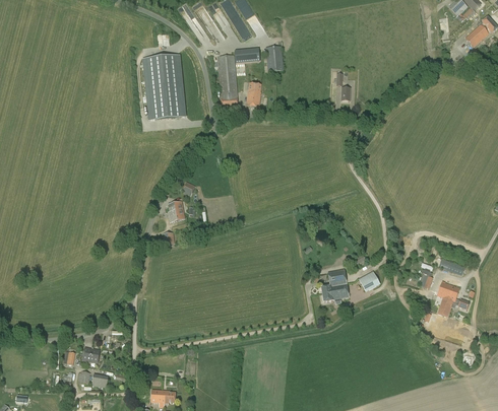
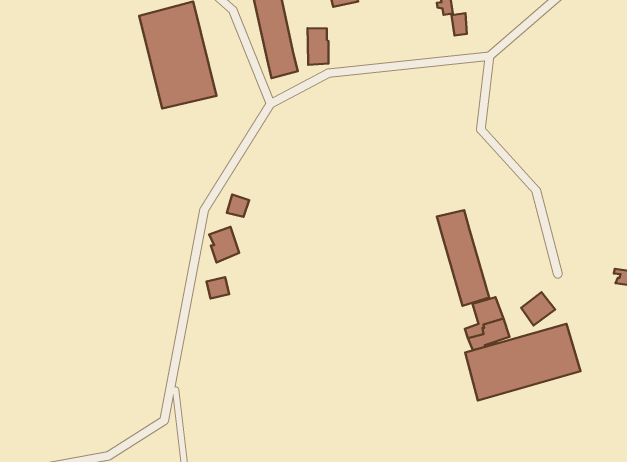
building: none -> [437,210,489,306]
building: none -> [465,324,581,400]

